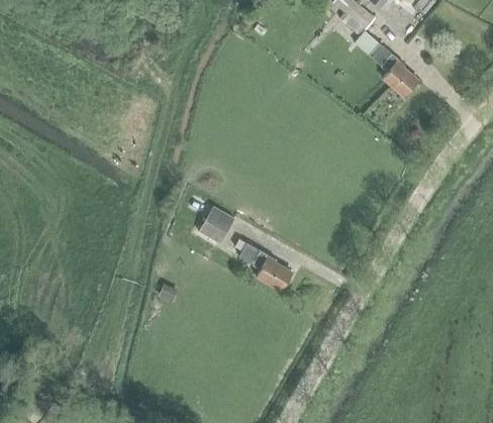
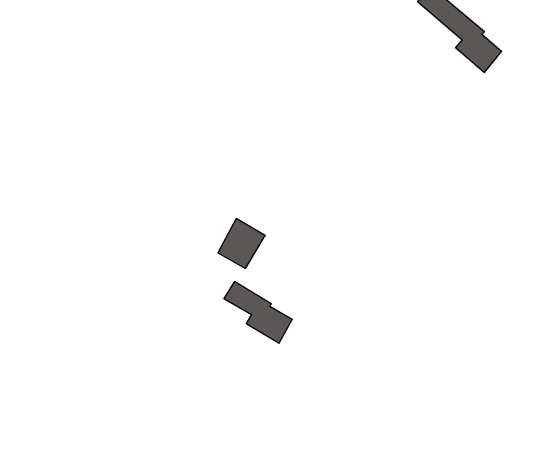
building: [239,242,292,290] -> [224,282,292,343]

